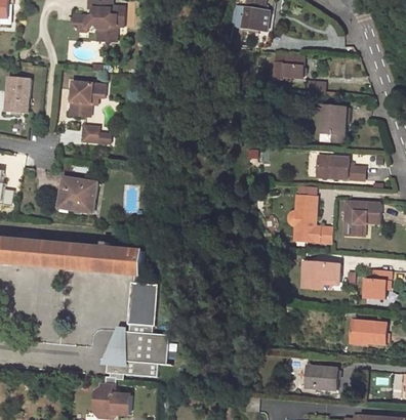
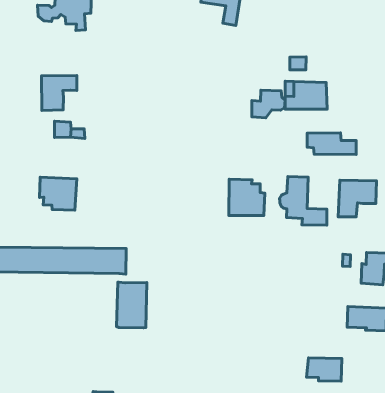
building: [272,52,304,79] -> [252,90,285,118]
building: none -> [229,179,265,216]
building: [299,262,338,290] -> none
building: [100,325,169,377] -> none

